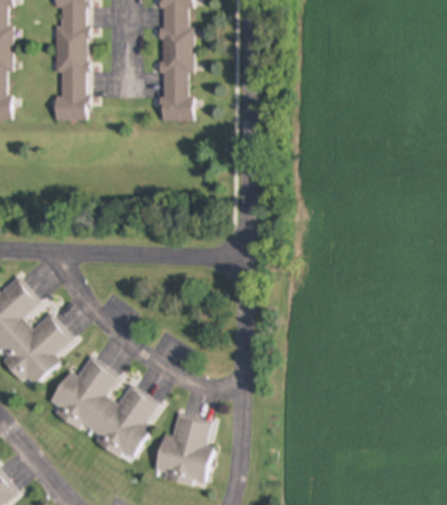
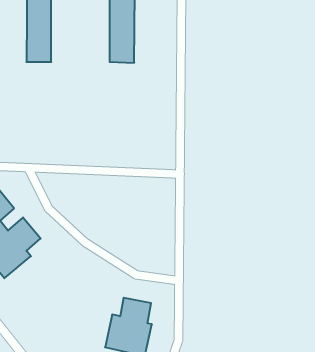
building: [49,357,162,460] -> none

